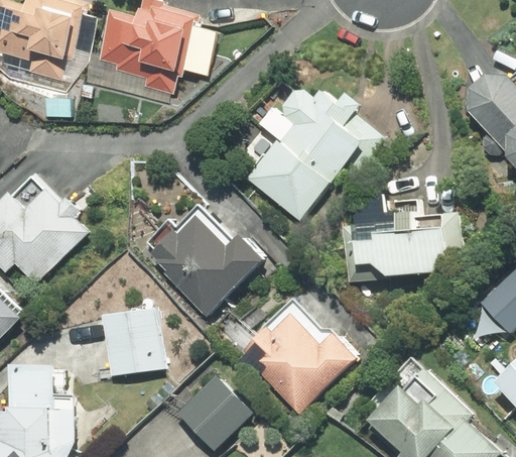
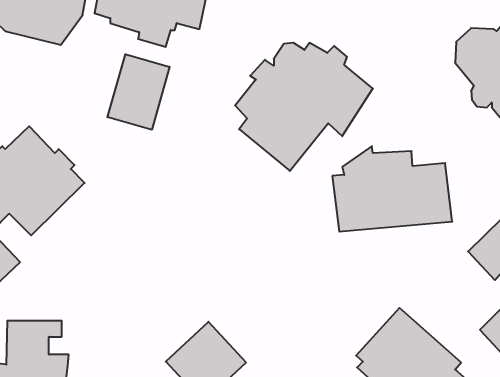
building: none -> [107,54,170,130]
building: [145,206,260,312] -> none
building: [212,301,359,418] -> none
building: [108,313,160,376] -> none

